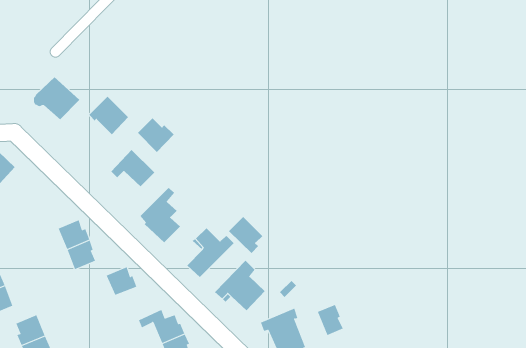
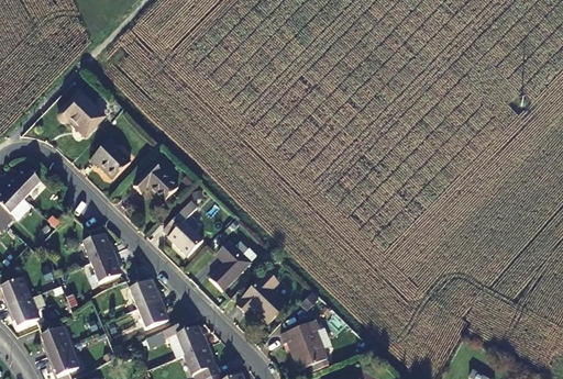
building: [88,96,129,135] -> [90,141,130,179]
building: [137,117,175,153] -> none
building: [228,216,263,254] -> none
building: none -> [139,299,167,328]
building: [317,304,343,336] -> none

